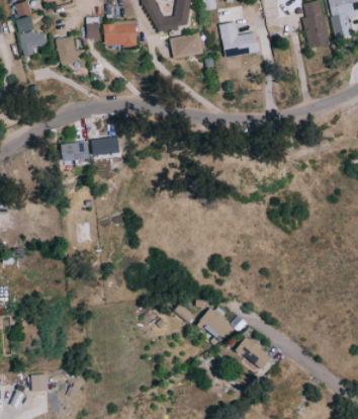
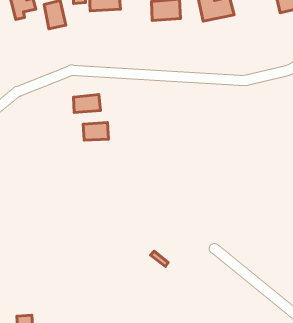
building: [58,142,85,161] -> [83,122,108,140]
building: [193,308,230,343] -> none
building: [232,336,269,370] -> none

